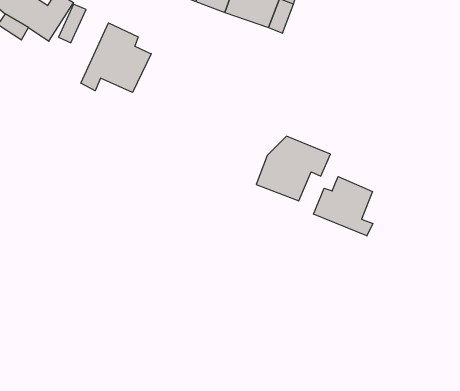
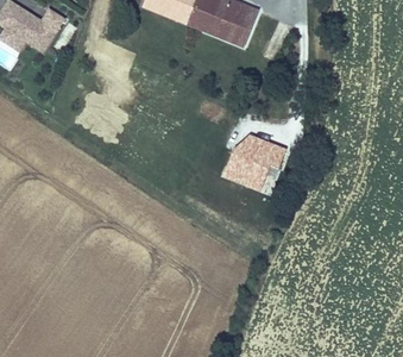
building: [81,23,151,92] -> none
building: [313,177,373,236] -> none

